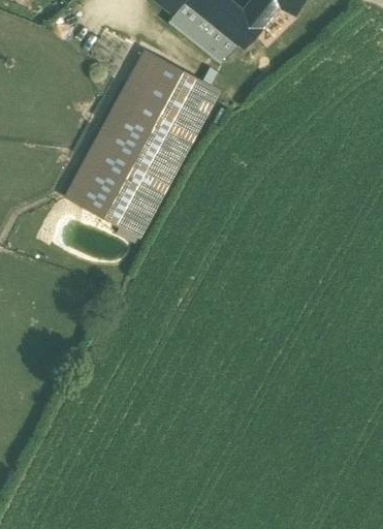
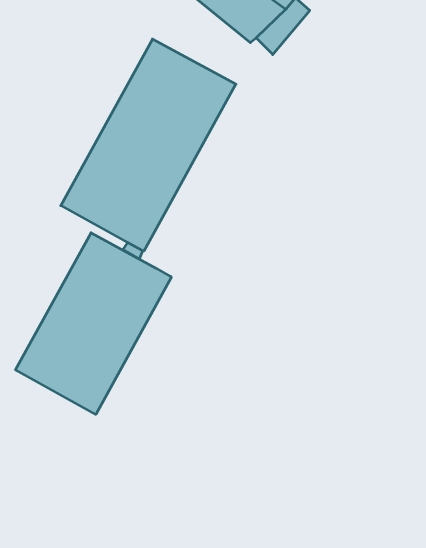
building: none -> [16,233,171,414]

